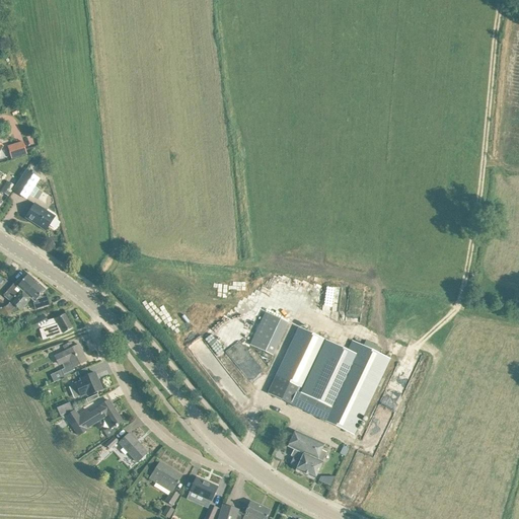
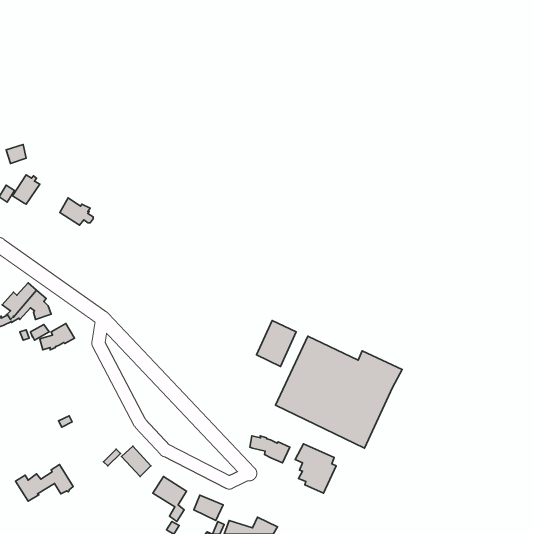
building: [25,203,58,229] -> [60,198,93,225]
building: [53,342,86,374] -> none
building: [74,367,101,395] -> none
building: [65,399,121,435] -> [16,465,73,501]
building: none -> [250,436,290,463]

